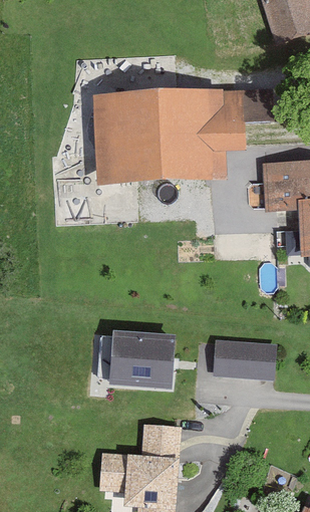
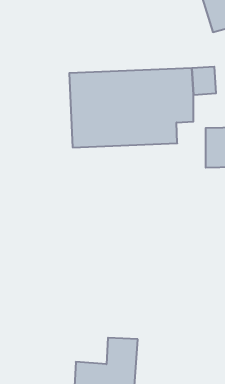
building: [109,329,177,389] -> none
building: [213,336,278,378] -> none

